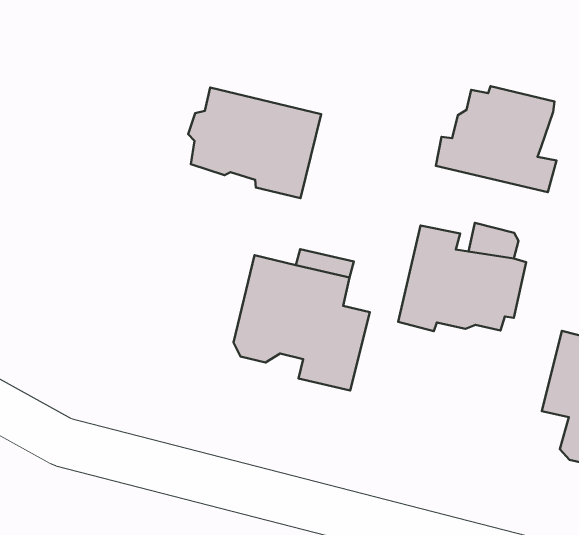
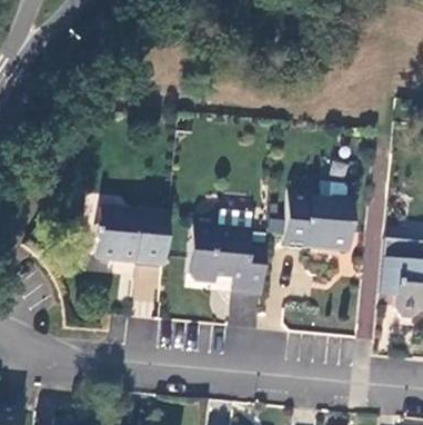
building: [436,86,556,192] -> none
building: [188,88,321,198] -> [92,209,170,267]

